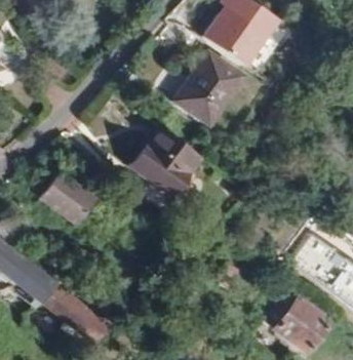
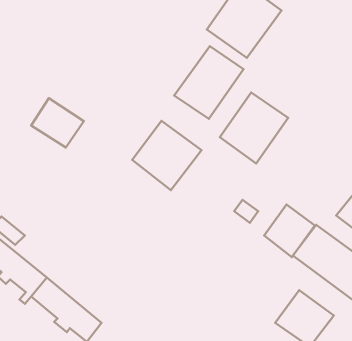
building: none -> [220,93,288,164]
building: [39,169,90,217] -> [31,98,84,147]
building: none -> [264,204,315,257]

